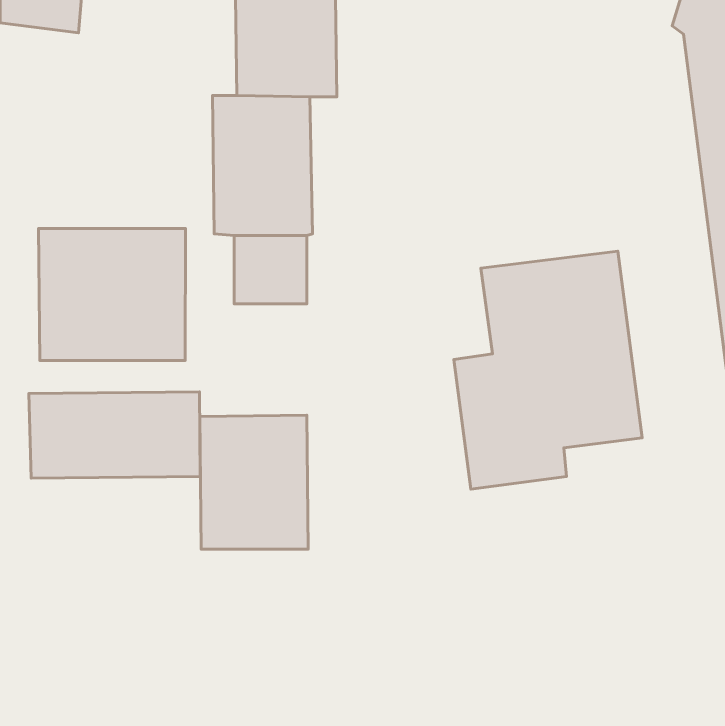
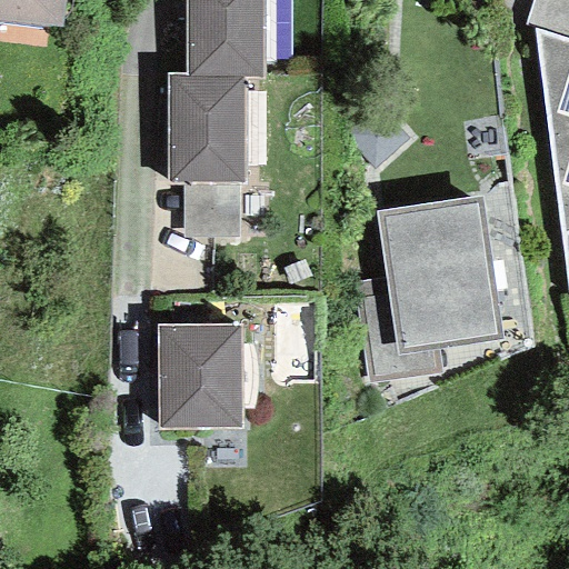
building: [39,229,185,361] -> none
building: [29,392,200,478] -> none

